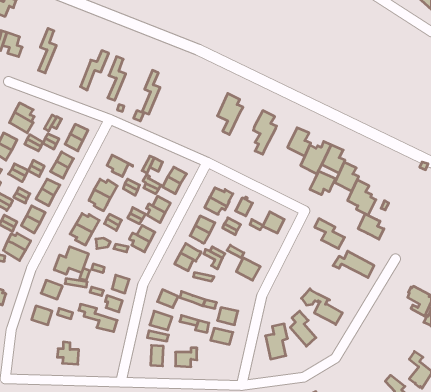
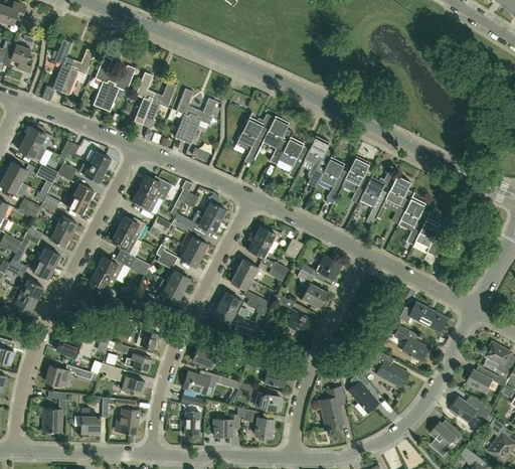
building: none -> [60,49,95,95]
building: none -> [93,55,114,108]
building: none -> [142,82,176,128]
building: none -> [182,99,216,144]
building: none -> [238,114,274,154]
building: none -> [279,137,306,179]
building: none -> [319,157,348,190]
building: none -> [139,175,169,200]
building: [310,171,335,195] -> none
building: [358,214,384,239] -> none
building: [315,219,345,249] -> [393,325,428,360]
building: none -> [297,270,327,307]
building: [54,247,88,274] -> none
building: none -> [467,369,499,392]
building: none -> [42,392,67,432]
building: none -> [449,397,493,422]
building: none -> [108,398,139,434]
building: none -> [243,409,273,438]
building: none -> [431,422,463,455]

